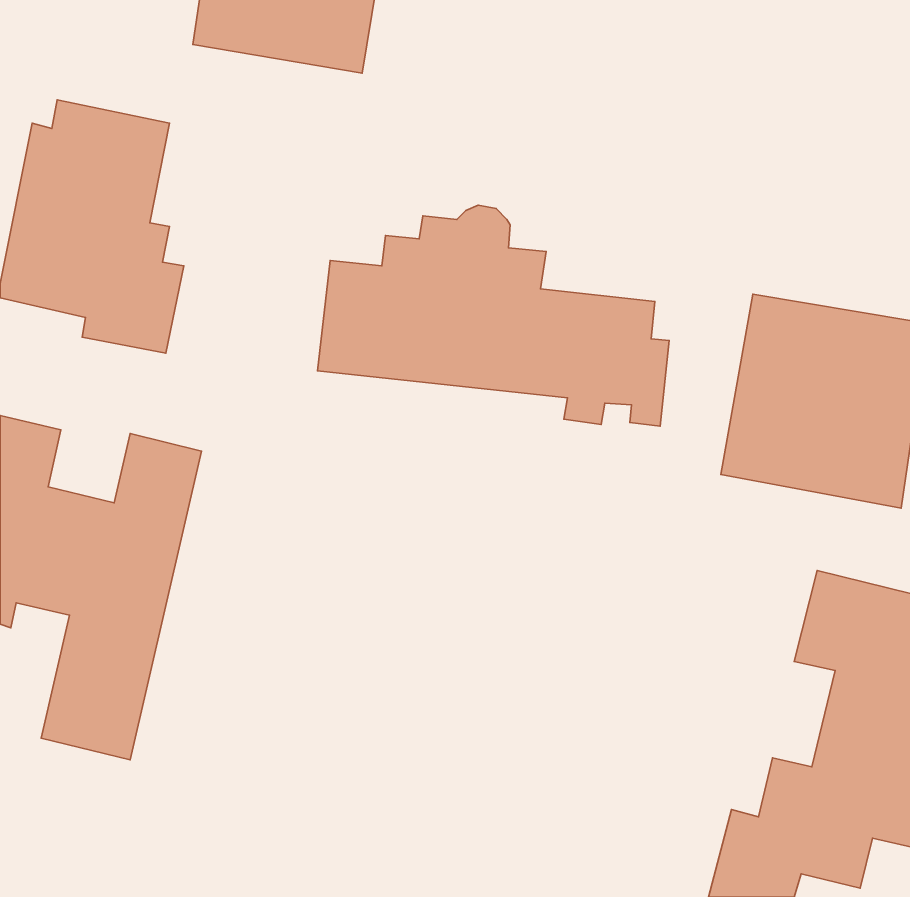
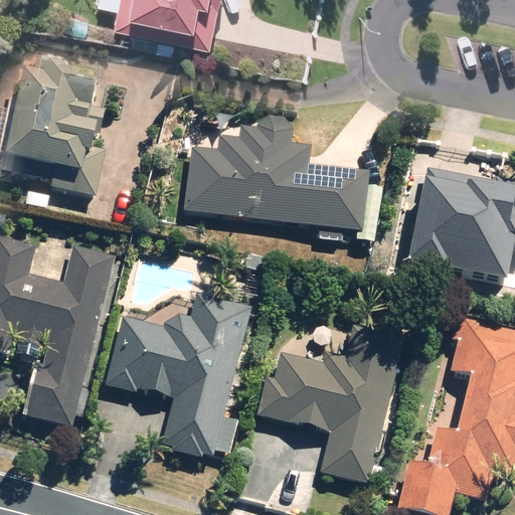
building: none -> [106,296,248,459]
building: none -> [260,328,401,486]

